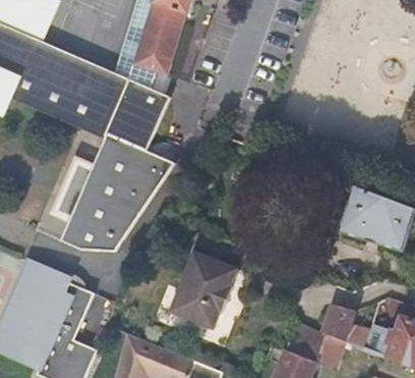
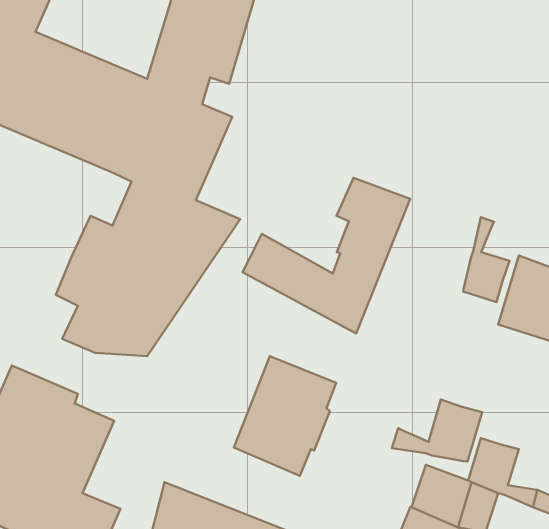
building: none -> [243,178,410,333]
building: none -> [463,217,510,302]
building: none -> [392,400,482,462]

